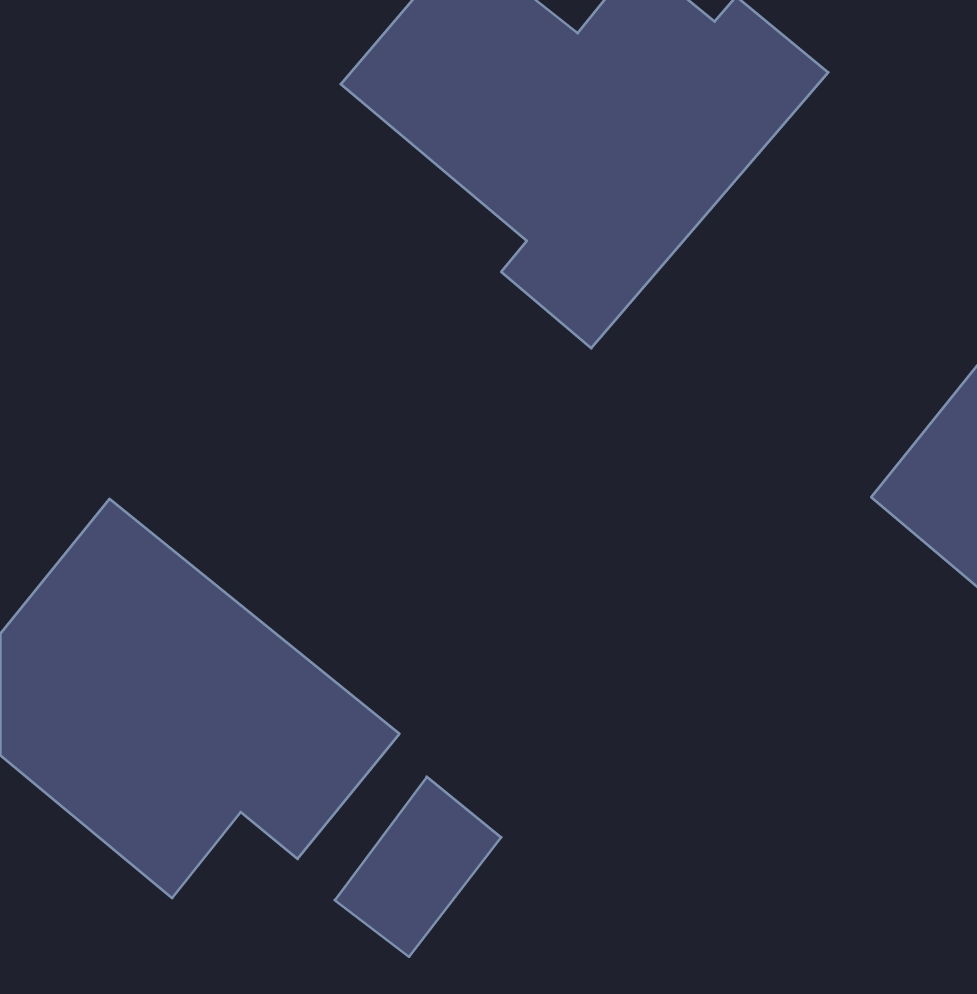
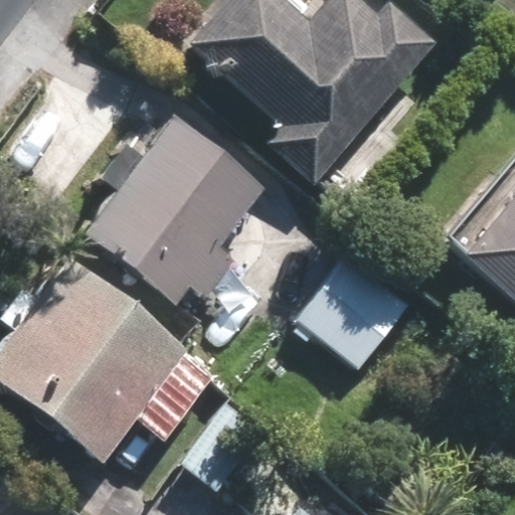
building: none -> [82,115,268,305]
building: none -> [293,248,415,366]

